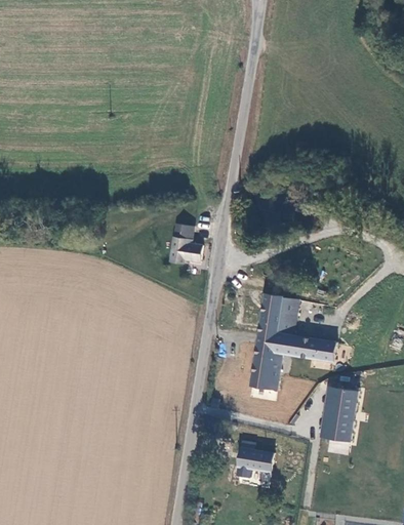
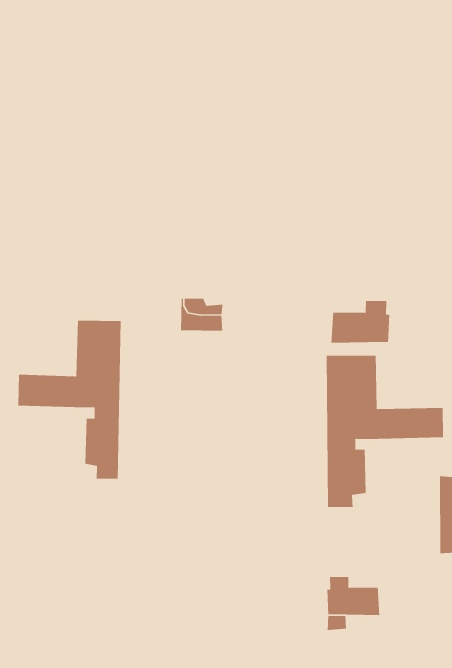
building: none -> [17,320,121,479]
building: none -> [331,300,390,343]

